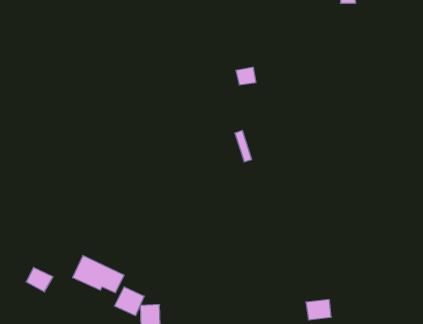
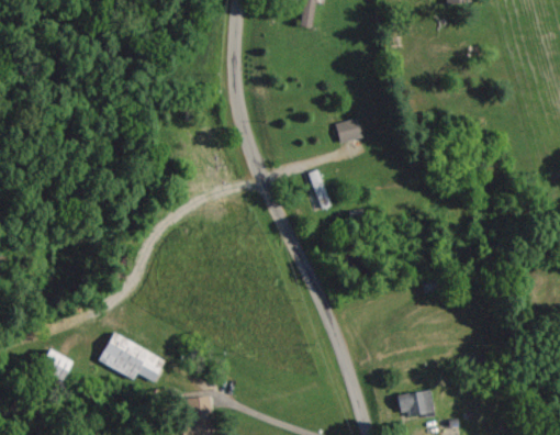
building: [236,67,256,85] -> [336,120,362,143]
building: [115,287,144,316] -> none

